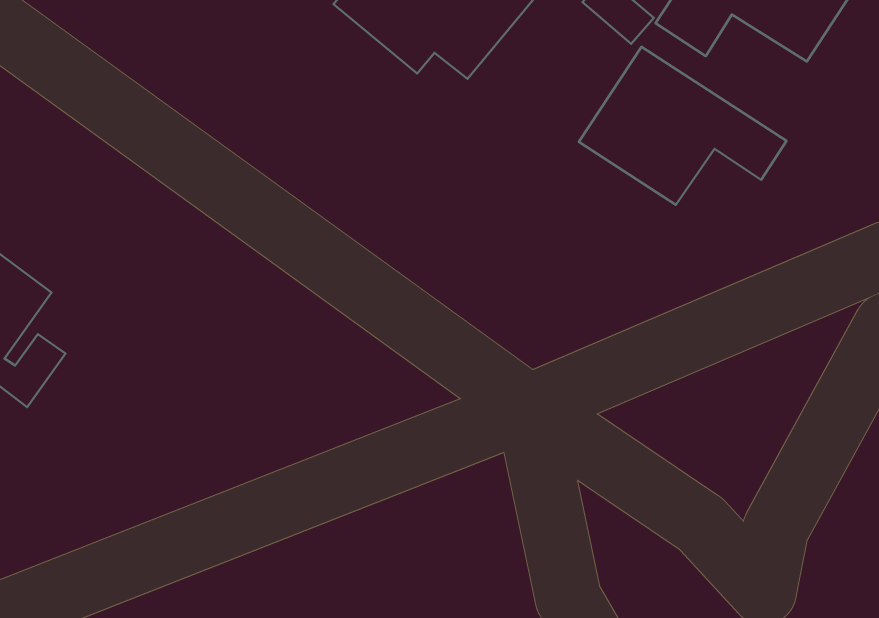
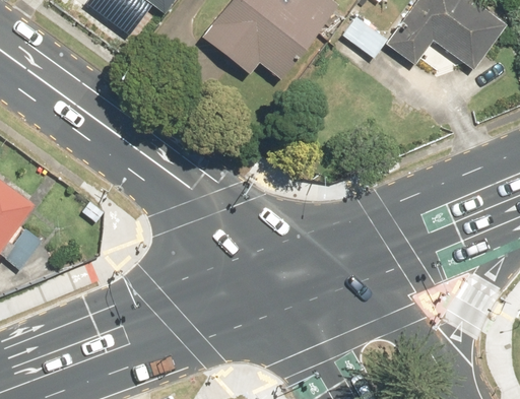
building: [579,47,787,205] -> none

